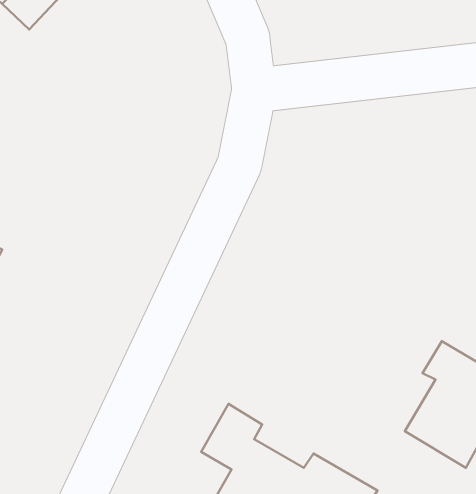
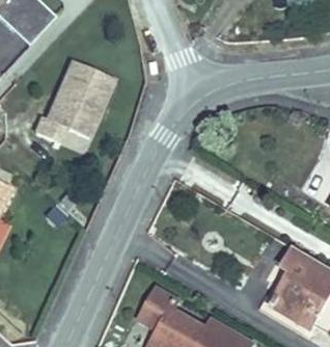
building: none -> [35,60,114,142]

